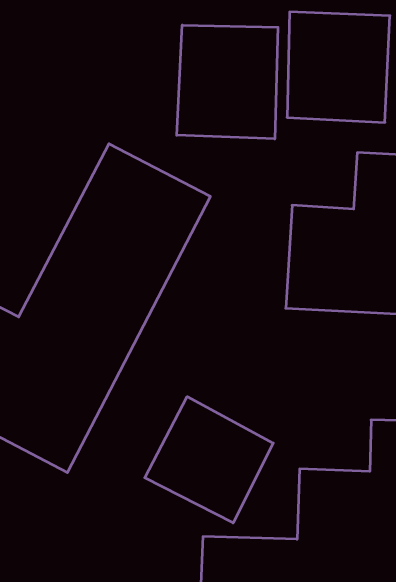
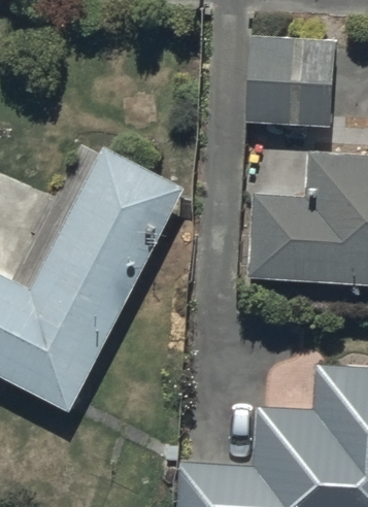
building: [177,25,278,139] -> none
building: [145,397,273,523] -> none

